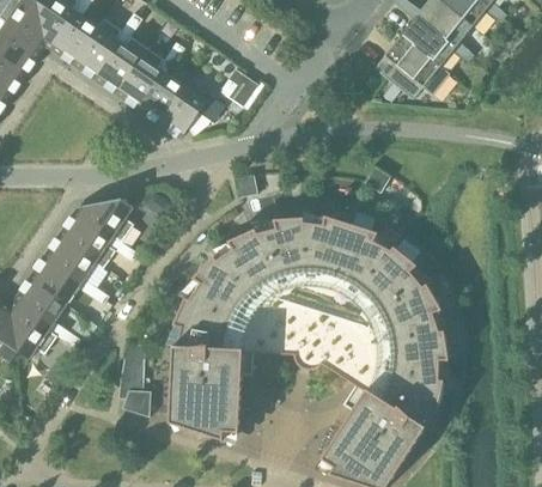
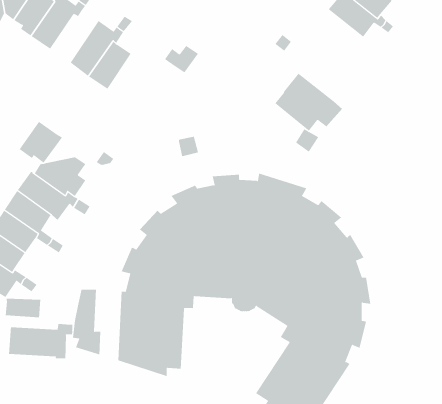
building: [376,32,451,97] -> [274,73,343,131]
building: [96,34,148,91] -> none
building: [159,81,213,135] -> none
building: none -> [19,121,63,163]
building: none -> [5,298,41,318]
building: none -> [9,323,73,359]

